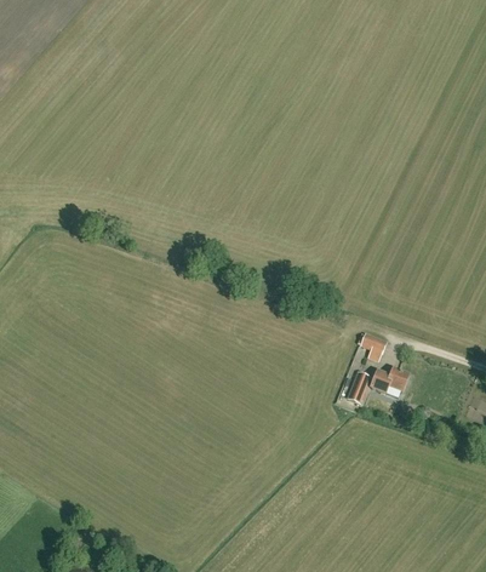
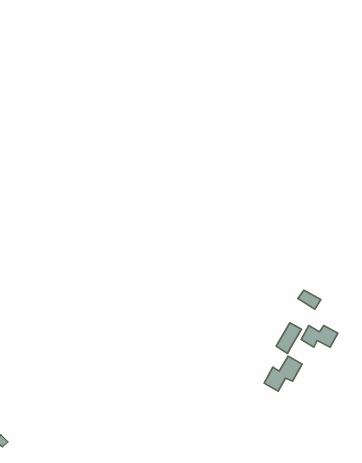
building: none -> [264,356,302,391]

